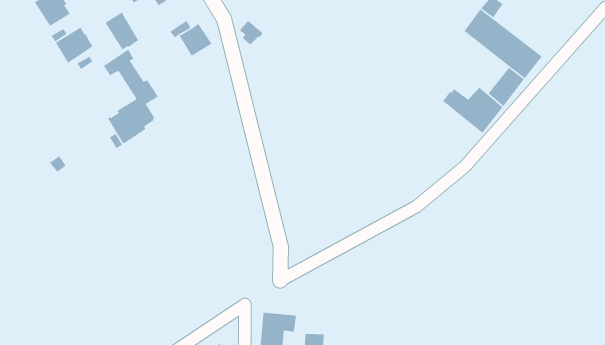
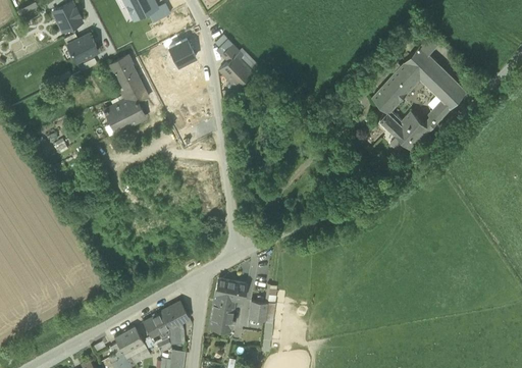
building: [105,11,139,50] -> none
building: none -> [371,64,419,113]
building: none -> [218,55,251,88]

